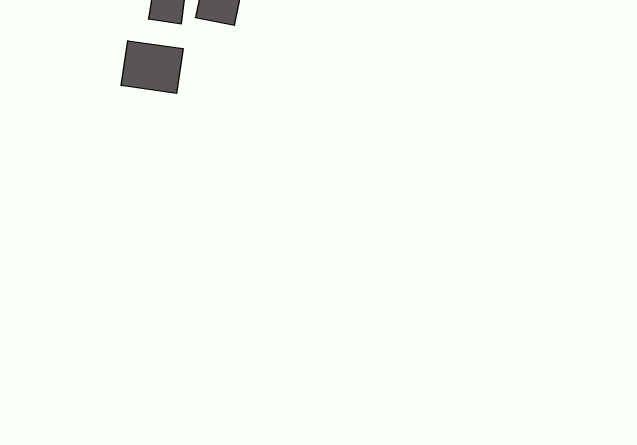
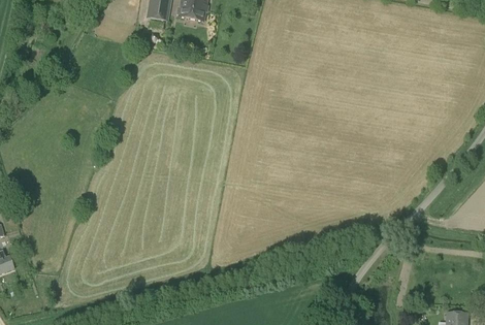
building: [121,41,183,93] -> none

